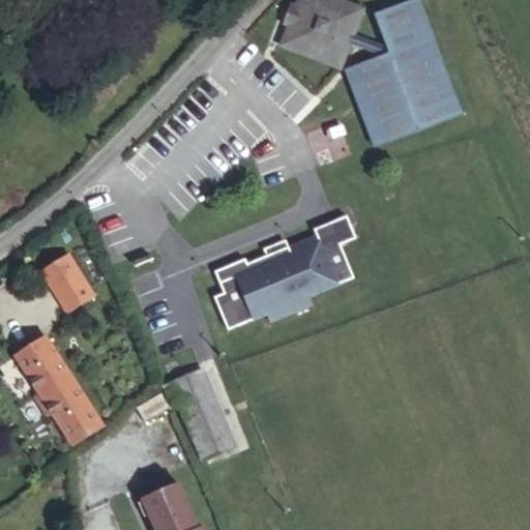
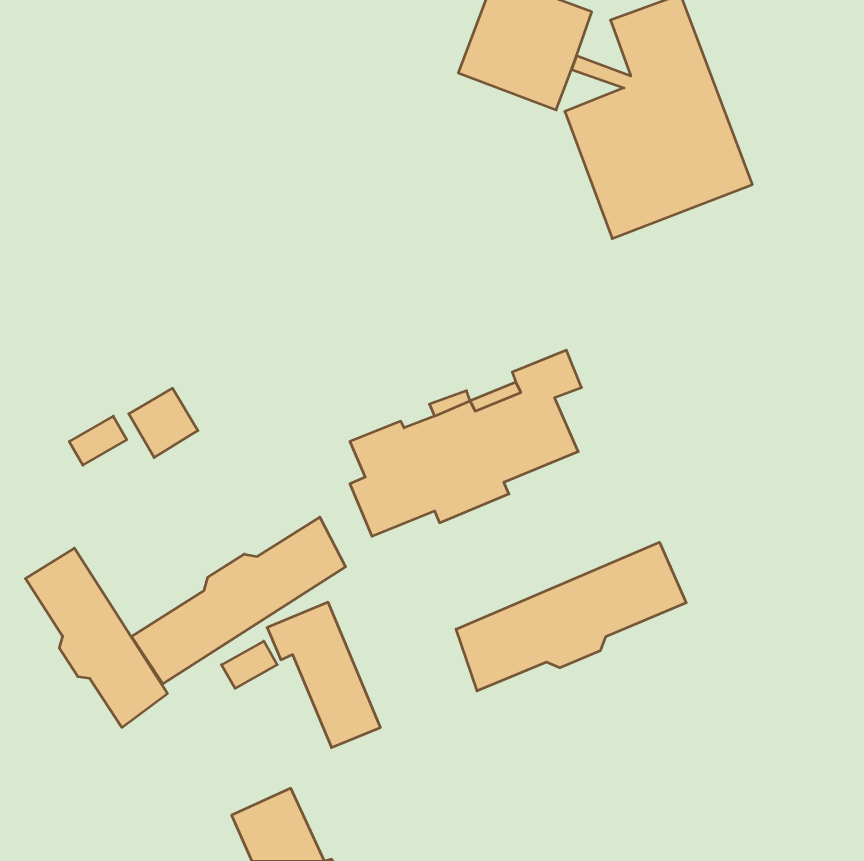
building: [51,269,93,312] -> [129,388,198,458]
building: none -> [131,517,346,684]
building: none -> [456,542,686,691]

